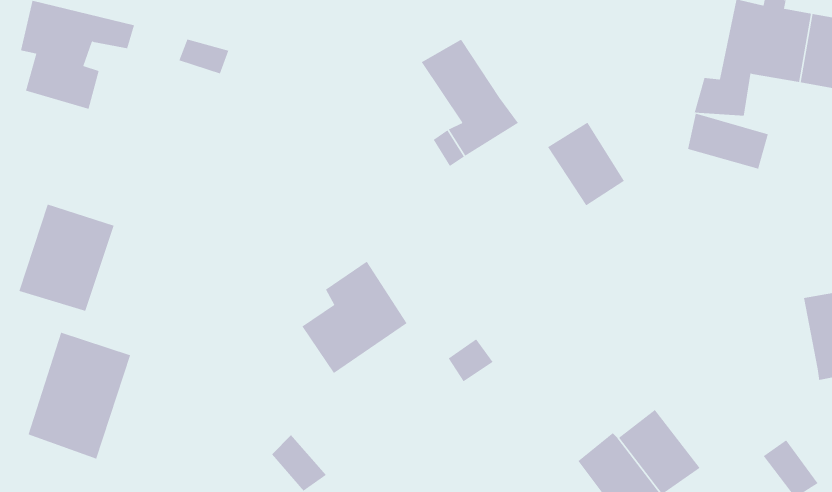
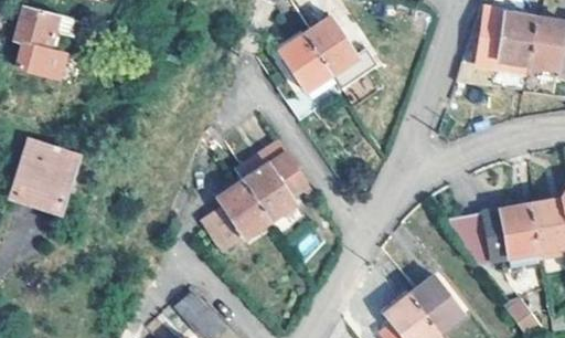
building: [687,113,769,169] -> none
building: [547,122,625,206] -> [305,17,355,72]
building: none -> [236,141,305,220]
building: none -> [438,203,539,264]
building: [28,332,131,459] -> none

